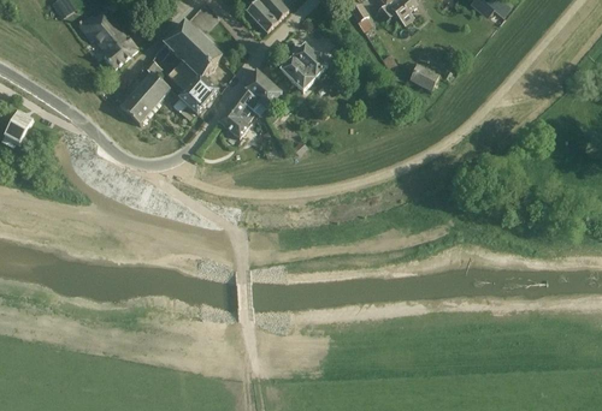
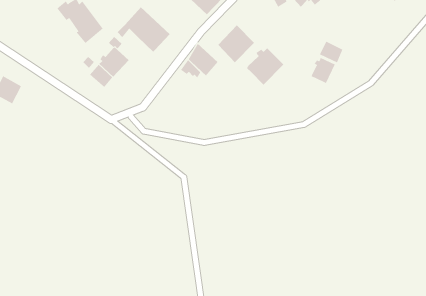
building: [166,60,218,114] -> none
building: none -> [246,47,284,85]
building: none -> [311,57,335,84]
building: [218,101,255,138] -> none

